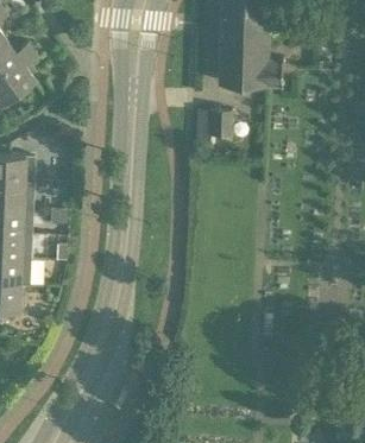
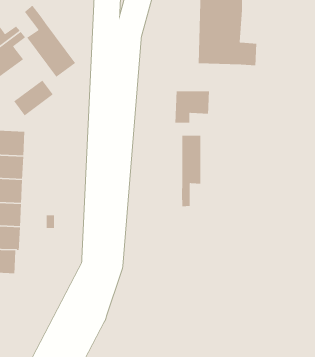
building: none -> [24,4,76,78]
building: none -> [13,79,54,116]
building: none -> [181,135,201,207]

